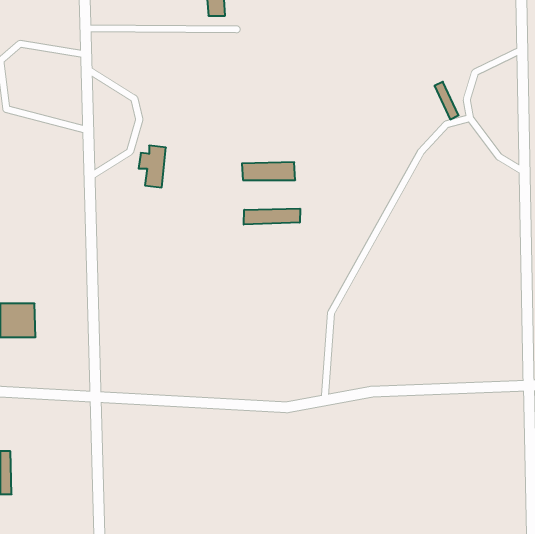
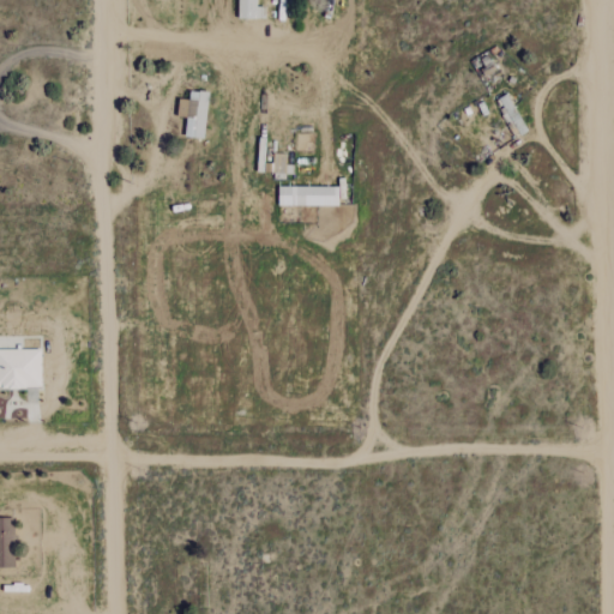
building: [139,146,166,187] -> [176,90,207,138]
building: [244,209,300,225] -> none

